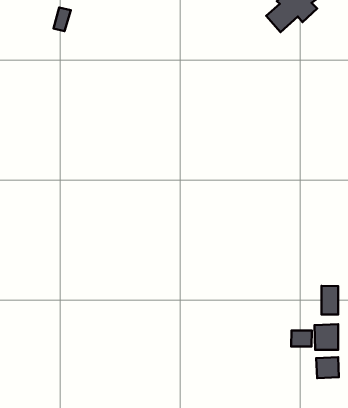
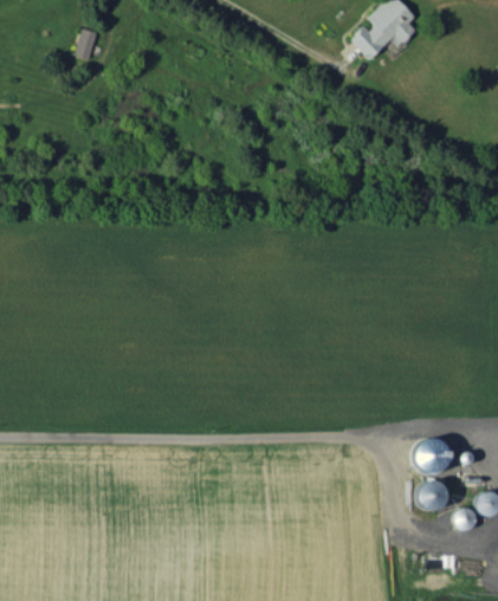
building: [321,286,338,314] -> none
building: [291,331,312,347] -> none

